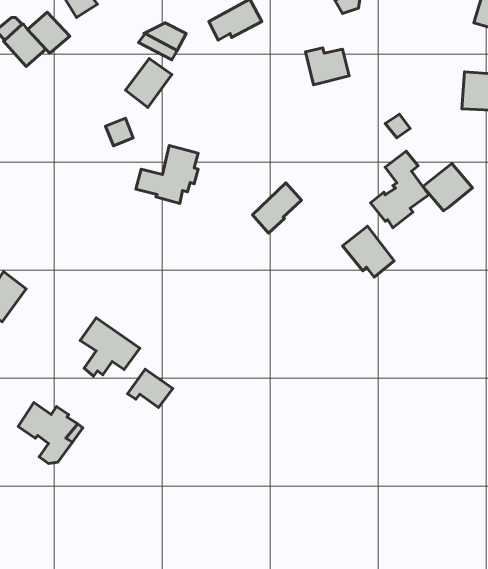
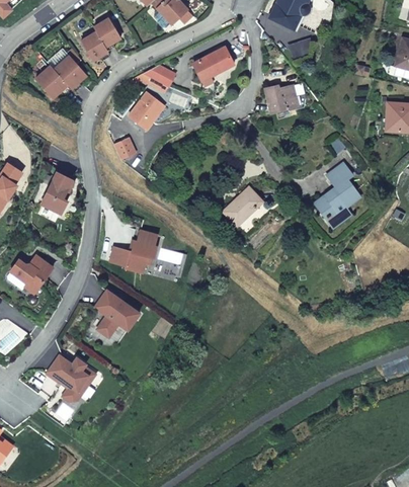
building: [136,145,198,204] -> [109,229,157,273]
building: none -> [40,172,72,214]
building: [423,164,473,211] -> none
building: [343,226,394,277] -> none
building: [128,369,173,408] -> none

